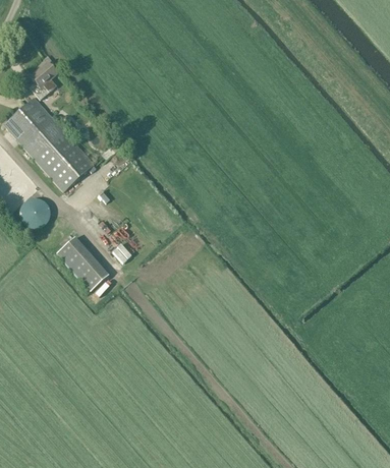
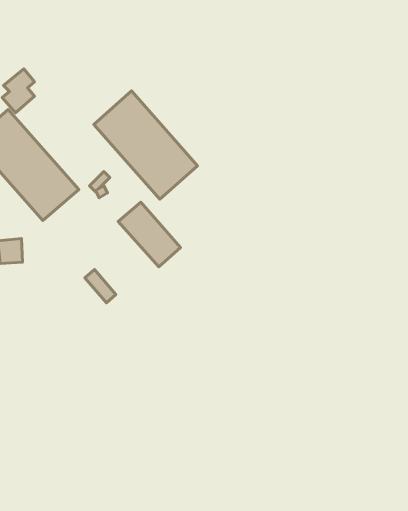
building: none -> [94,91,197,199]
building: [55,235,108,290] -> [118,202,180,267]

